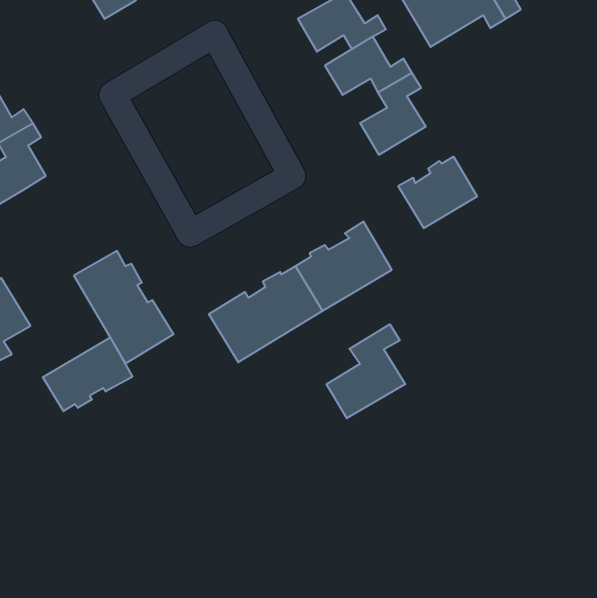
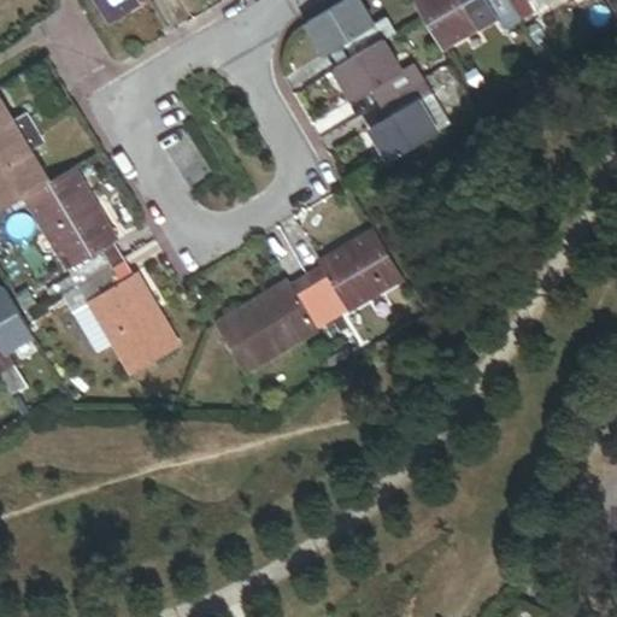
building: [398,157,477,228] -> none
building: none -> [24,166,121,283]
building: [327,324,405,418] -> none
building: [43,338,132,411] -> none

